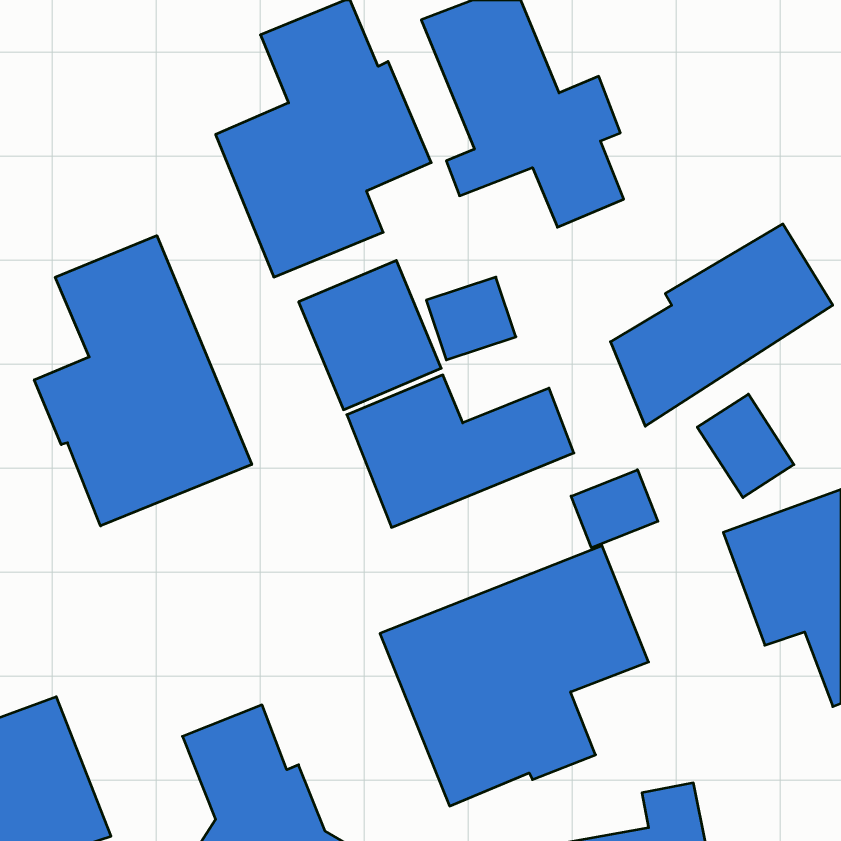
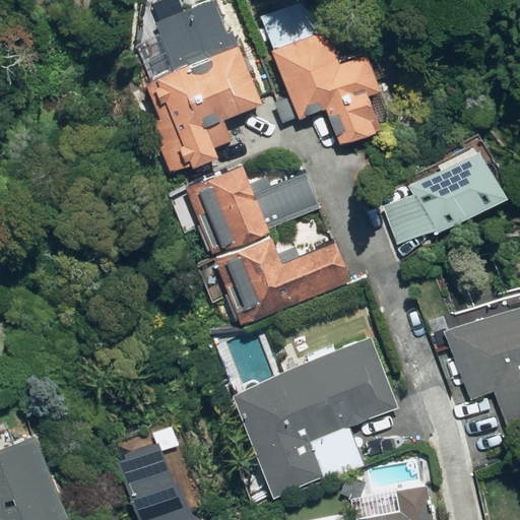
building: [34,236,252,526] -> none
building: [697,394,794,498] -> none
building: [571,470,658,548] -> none

